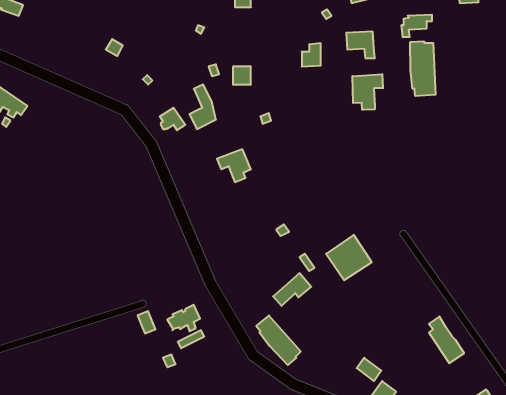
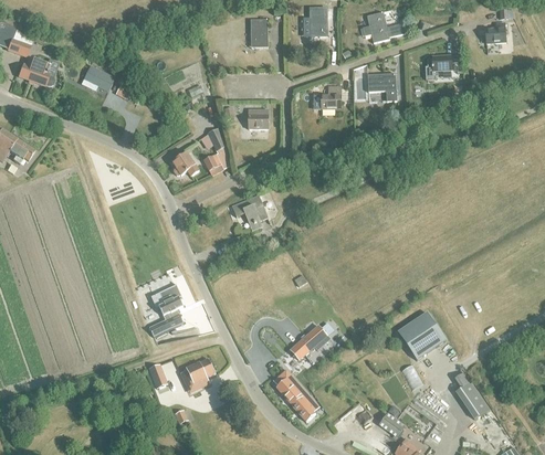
building: none -> [17,57,54,85]
building: none -> [81,65,114,91]
building: [410,41,436,96] -> none
building: [352,74,383,110] -> none
building: none -> [148,283,197,345]
building: [326,235,372,280] -> [397,311,444,359]

